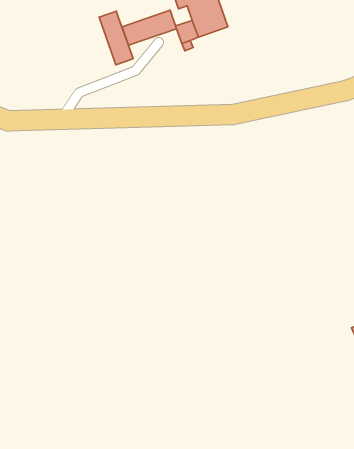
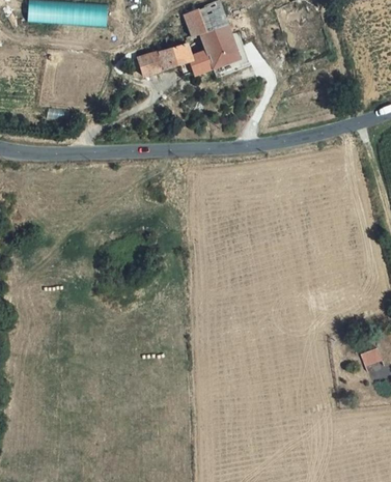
building: [99,11,133,65] -> none

